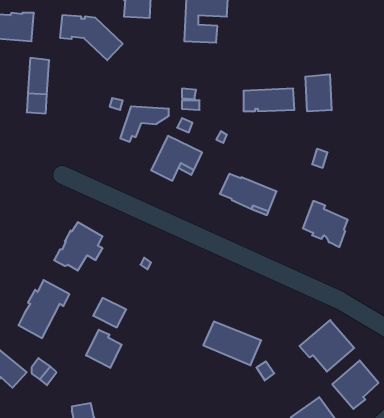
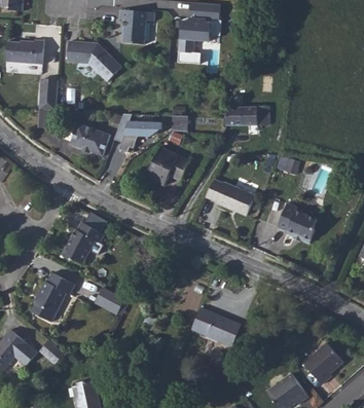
building: [305,74,332,111] -> none
building: none -> [70,122,110,155]
building: [299,320,354,372] -> none
building: [86,330,122,368] -> none

